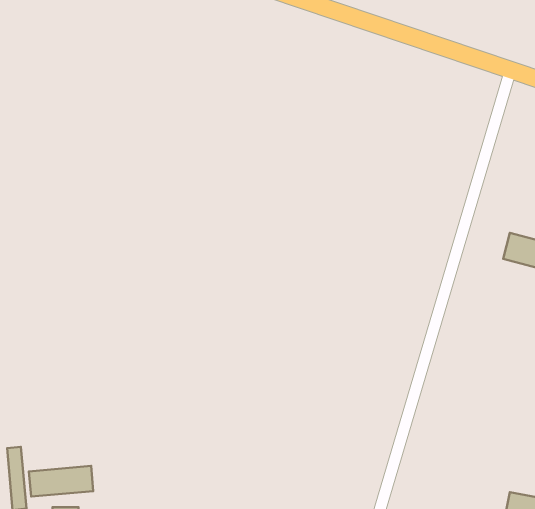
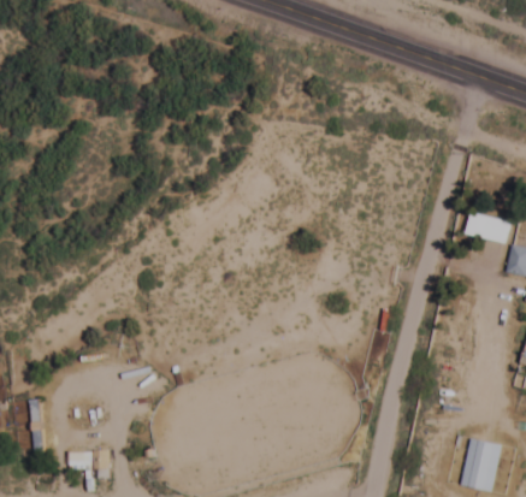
building: [29,466,93,497] -> none

